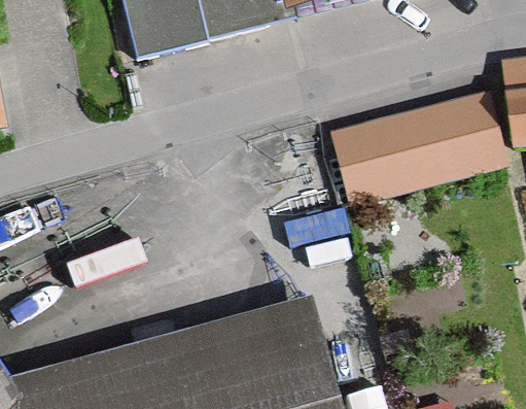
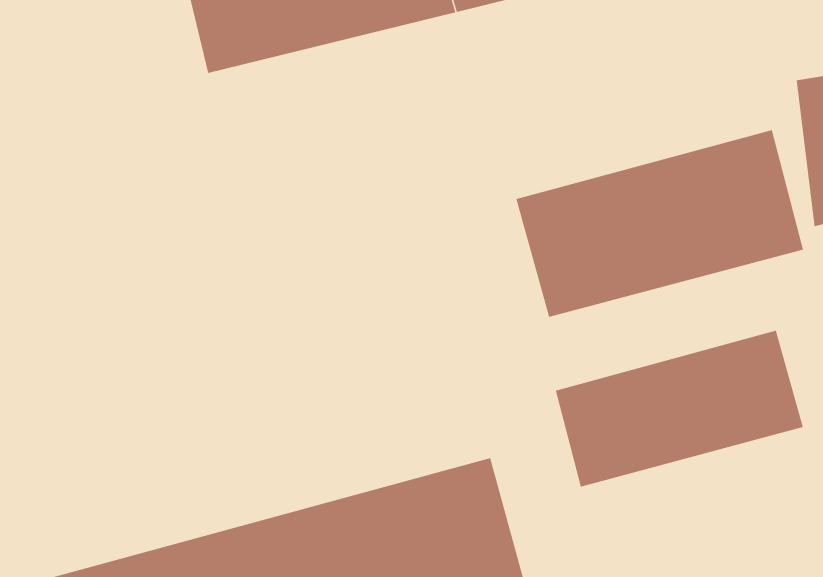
building: none -> [555,330,803,487]

